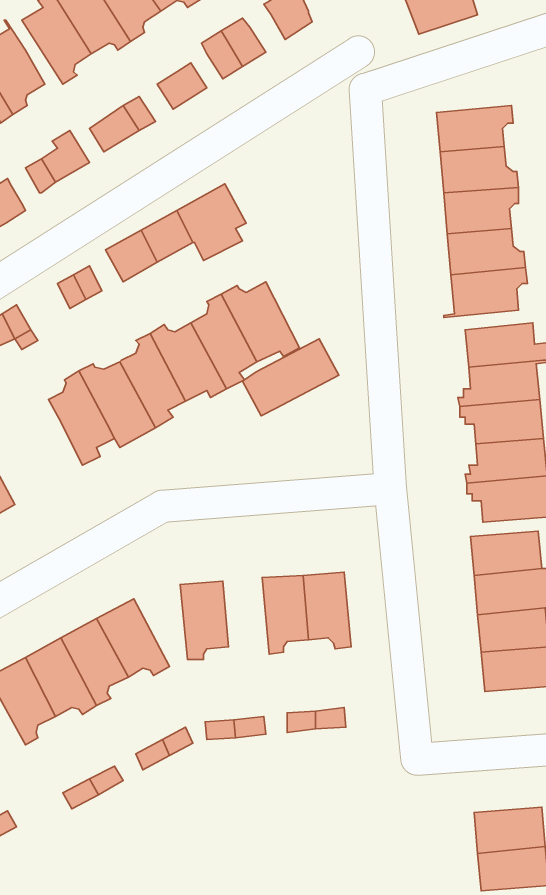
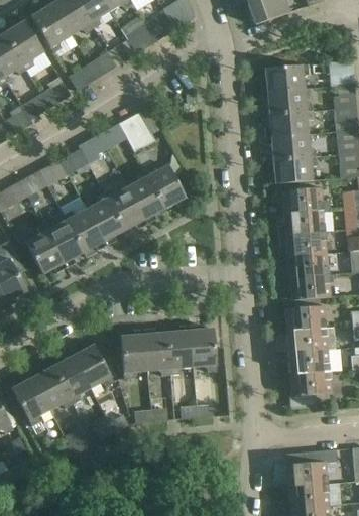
building: [242,339,339,416] -> none
building: none -> [22,230,65,273]
building: none -> [144,331,170,374]

